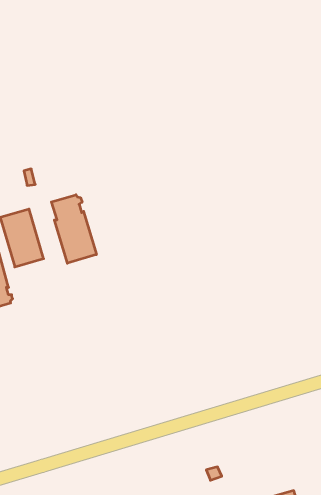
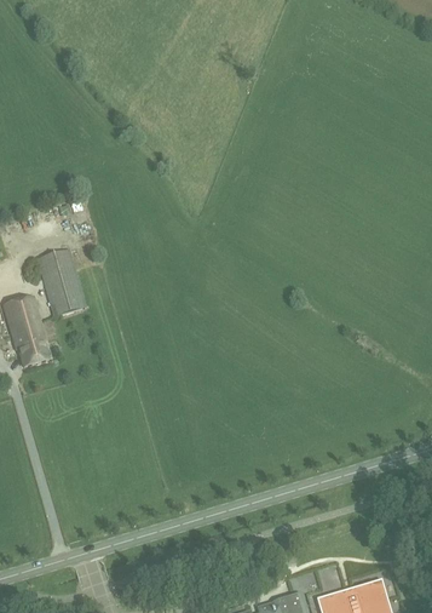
building: [51,195,96,263] -> none

